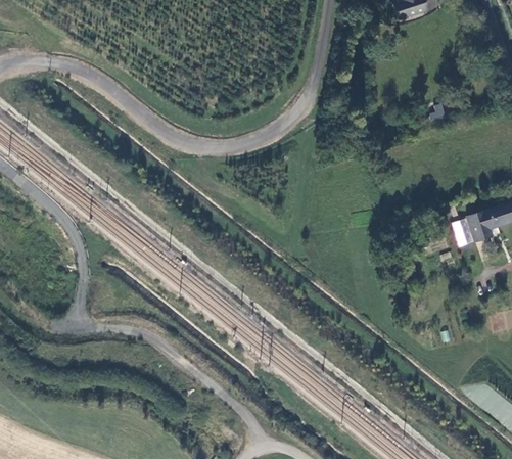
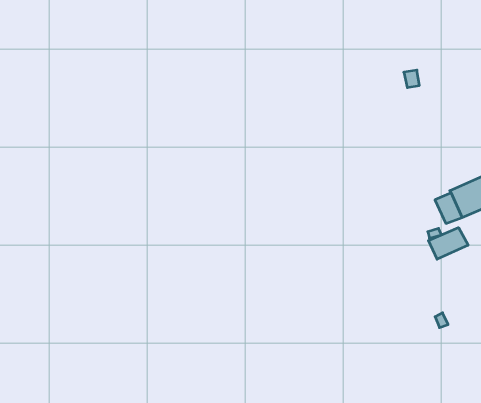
building: none -> [428,228,468,259]

